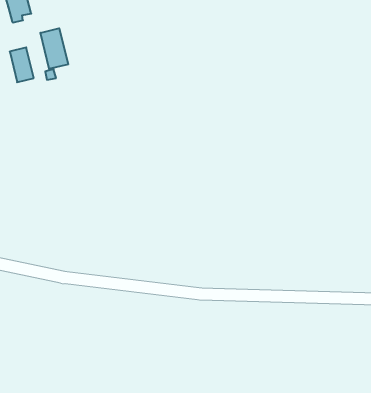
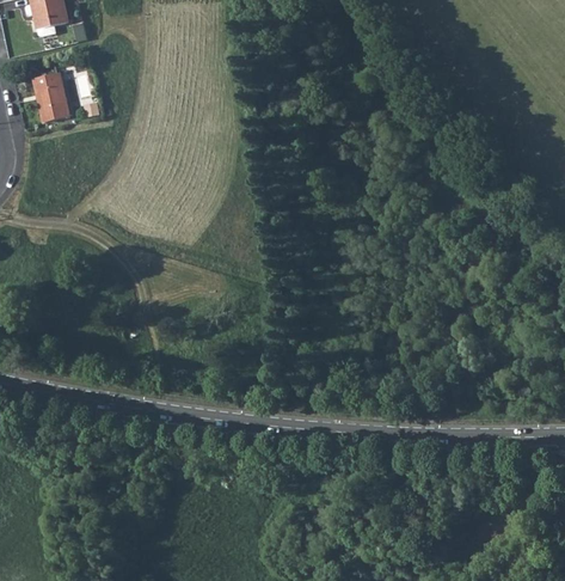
building: [40,28,68,69] -> none

